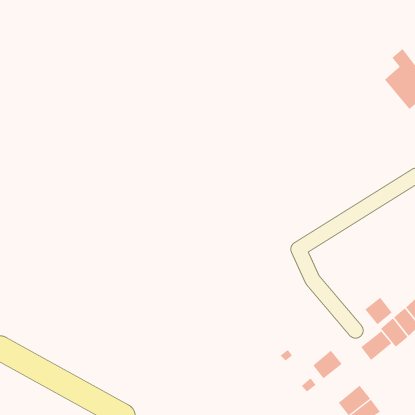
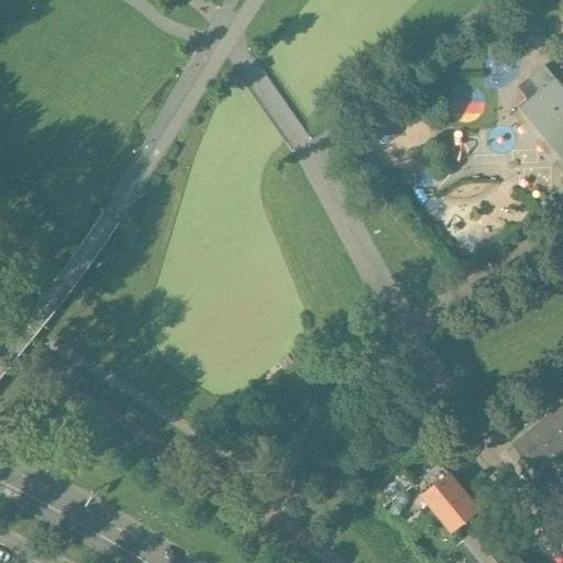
building: [365,297,392,325] -> none
building: [360,331,392,361] -> none
building: none -> [438,493,478,531]

